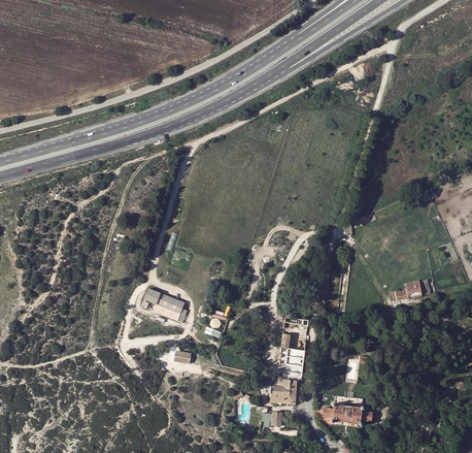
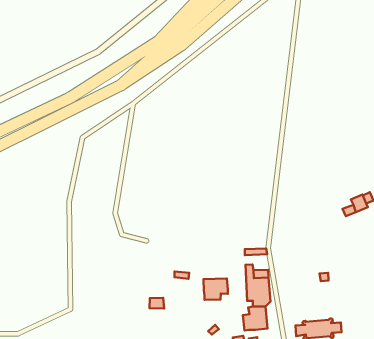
building: [140,289,186,316] -> none
building: none -> [204,278,228,300]

